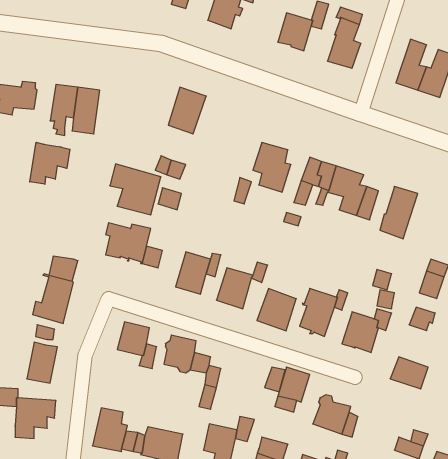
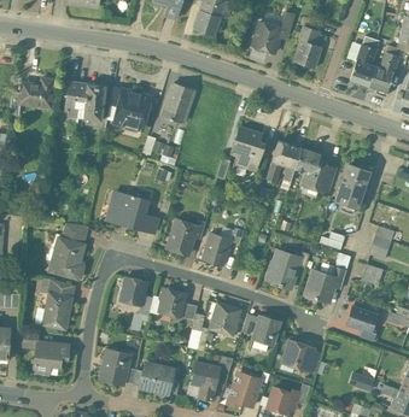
building: [30,142,70,184] -> none
building: [110,164,161,215] -> [109,86,151,128]
building: [257,289,296,331] -> [209,301,241,336]

